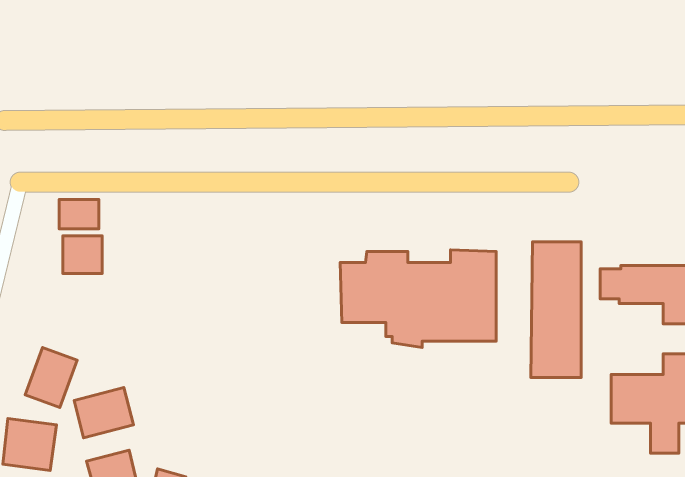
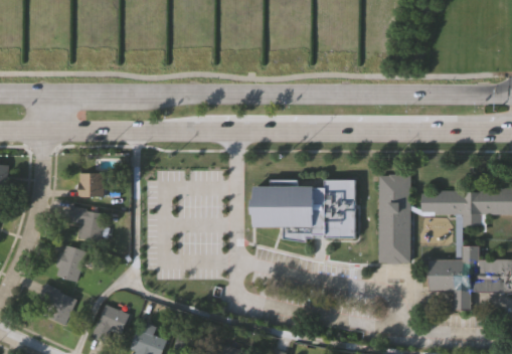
building: [59,200,99,229] -> none
building: none -> [72,207,105,240]
building: [74,388,133,438] -> none

